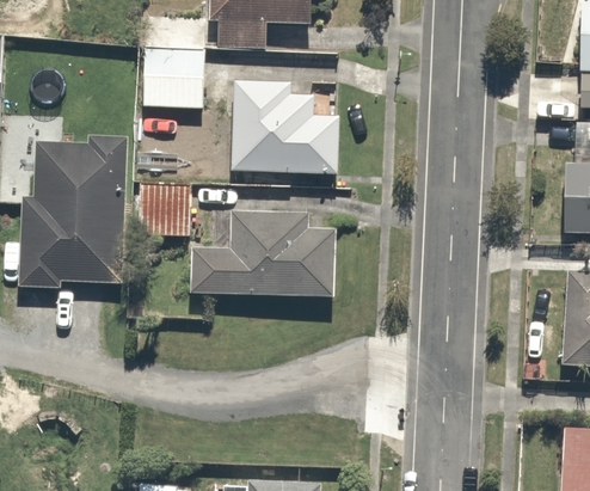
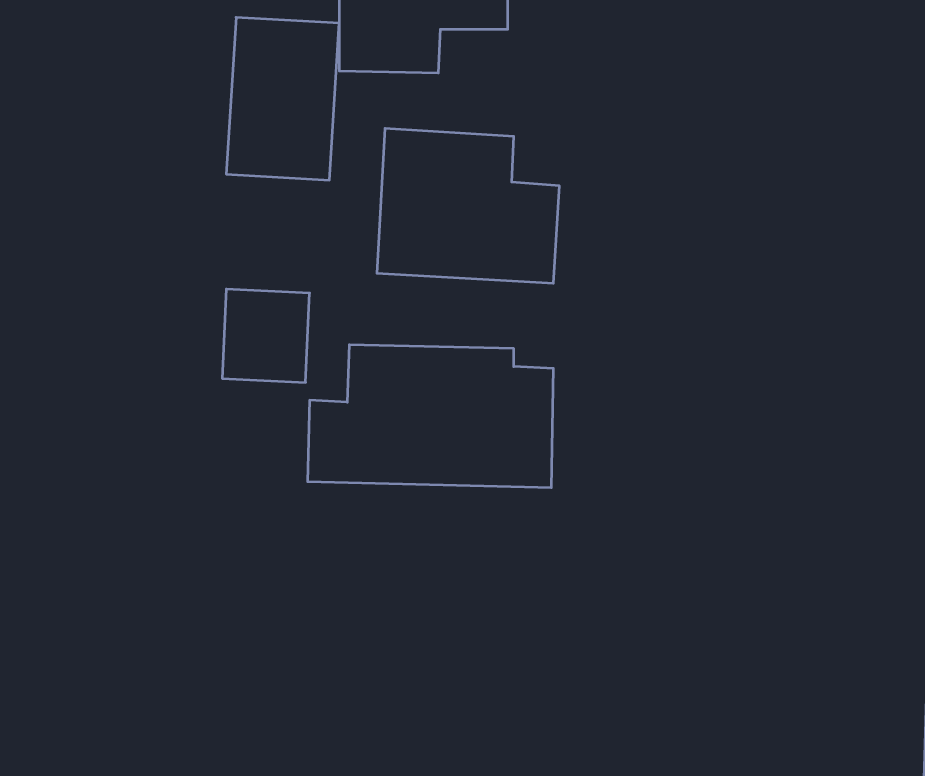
building: [18,134,127,287] -> none

